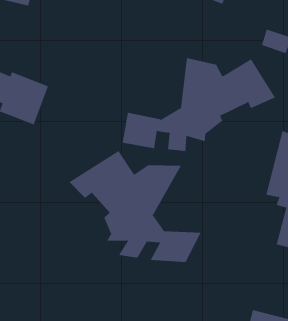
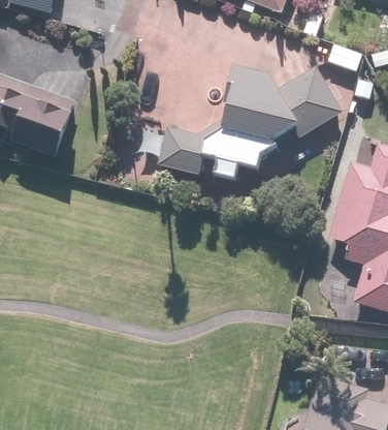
building: [68,150,201,263] -> none

